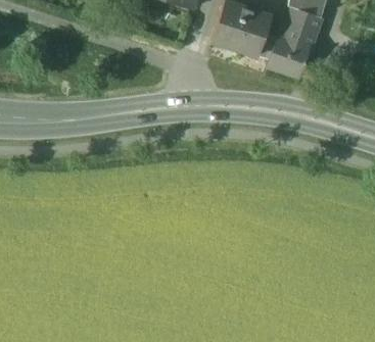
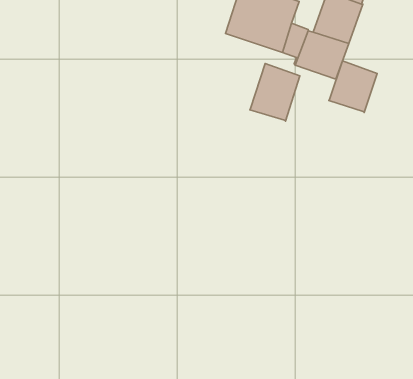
building: none -> [329,61,377,112]
building: none -> [250,63,300,121]

